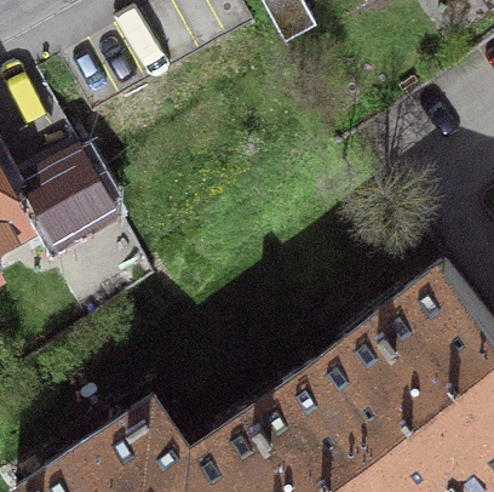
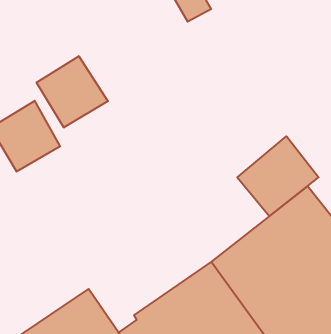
building: none -> [37,56,108,128]
building: none -> [237,136,319,216]

